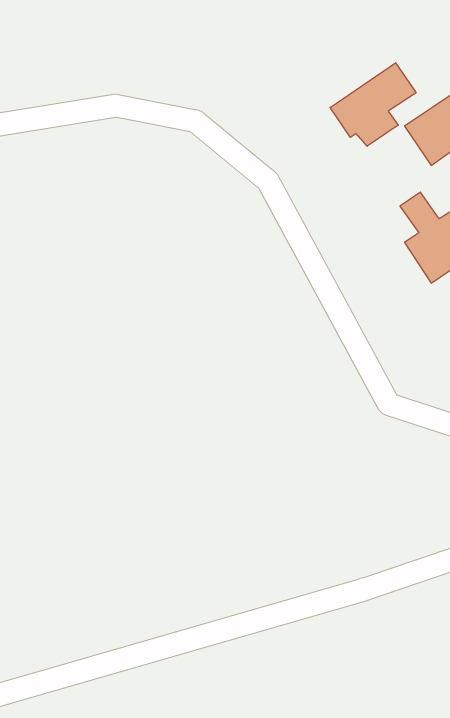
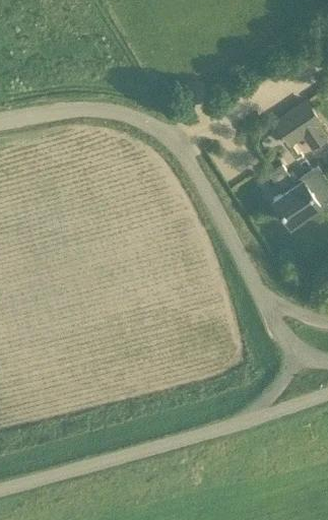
building: [330,63,416,146] -> none

